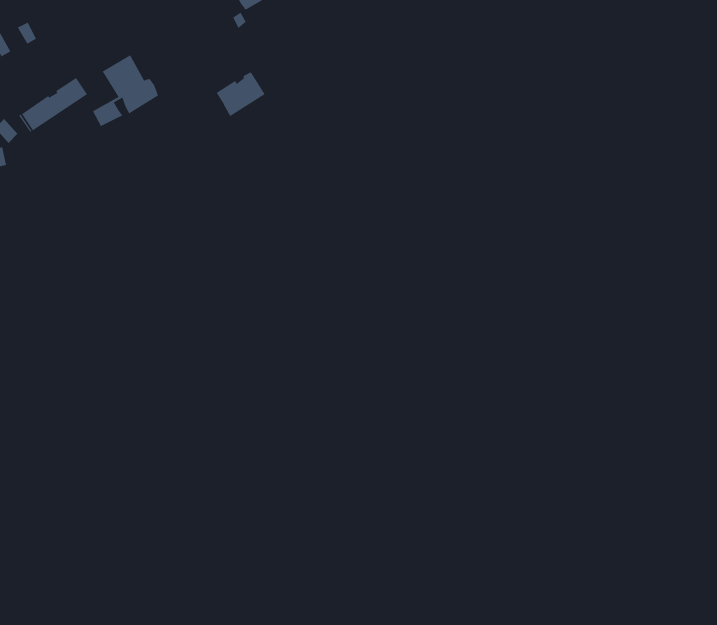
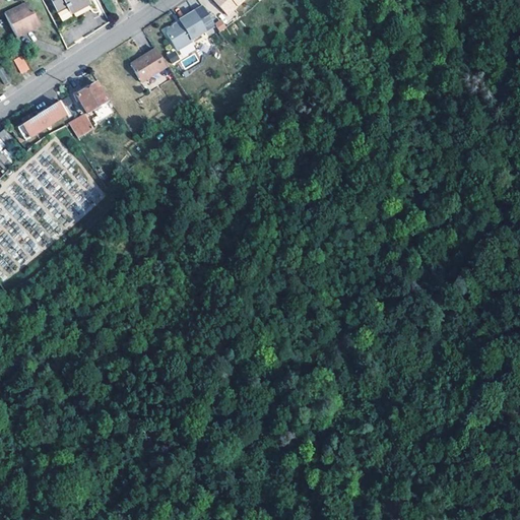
building: [216,72,265,117] -> [131,49,167,81]

